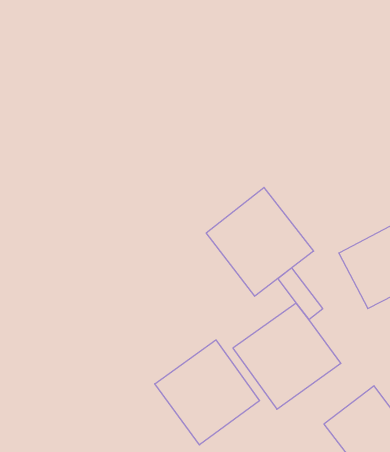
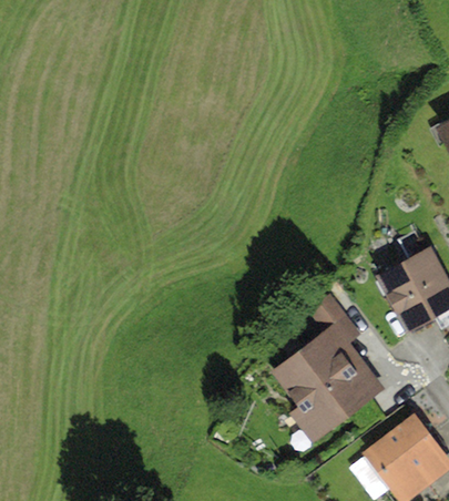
building: [206,187,314,296] -> none
building: [155,340,260,445] -> none

